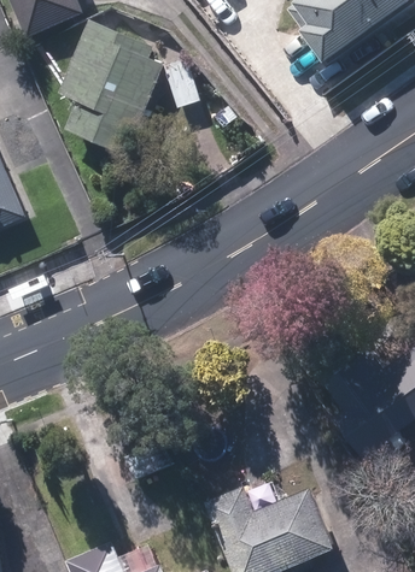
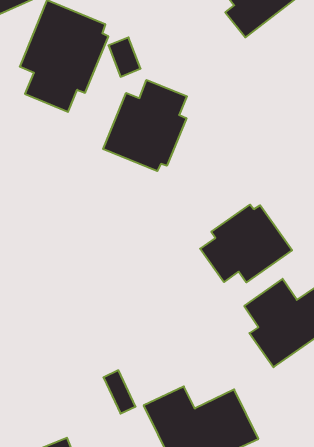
building: none -> [103,80,187,171]
building: none -> [200,205,292,282]

